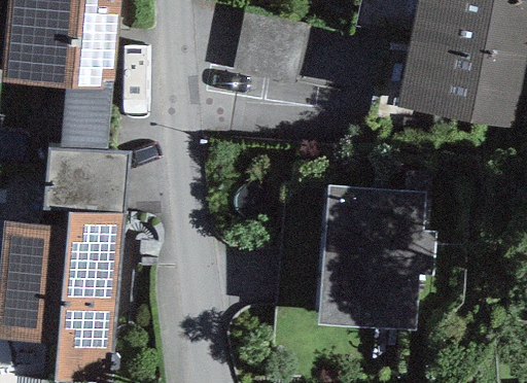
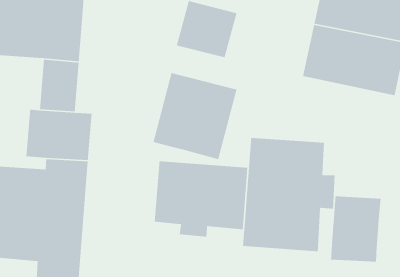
building: none -> [152,72,238,160]
building: none -> [154,160,248,238]
building: none -> [330,196,381,262]

